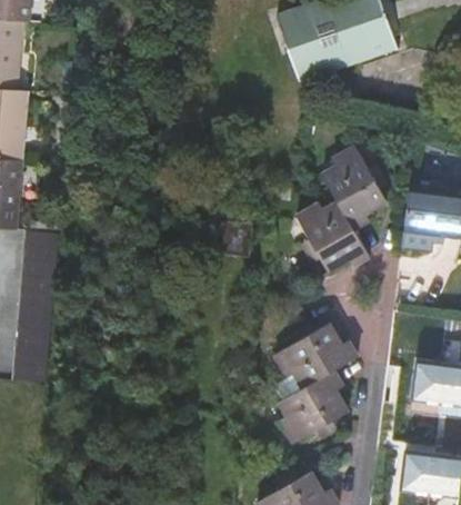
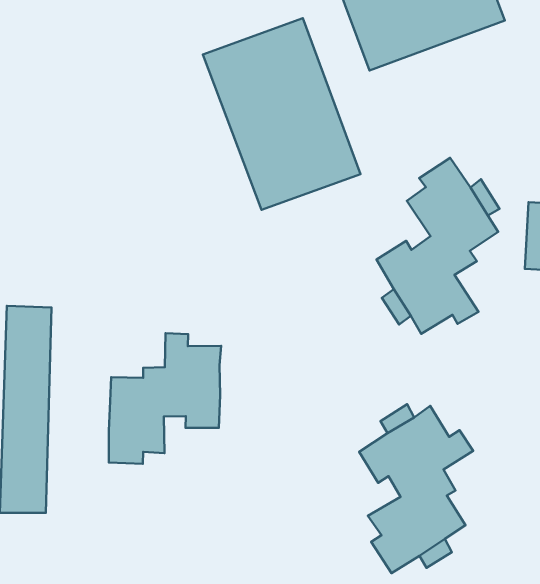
building: none -> [203,18,360,210]
building: none -> [109,333,221,464]

